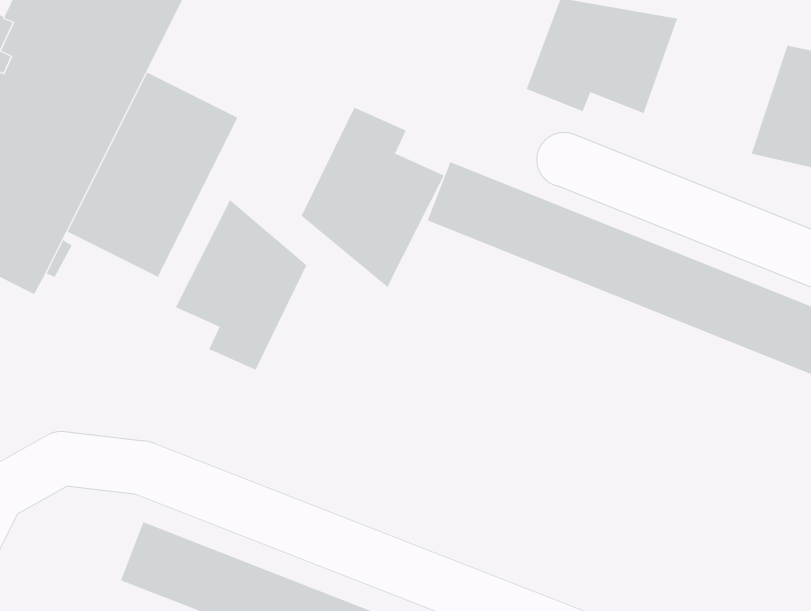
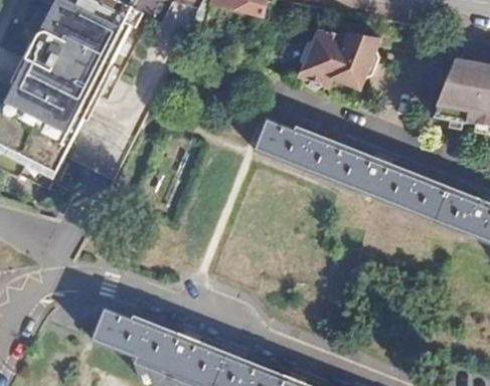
building: [301,107,444,288] -> none
building: [175,199,307,370] -> none

